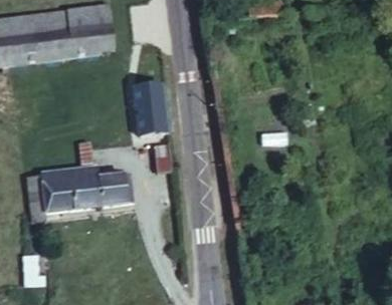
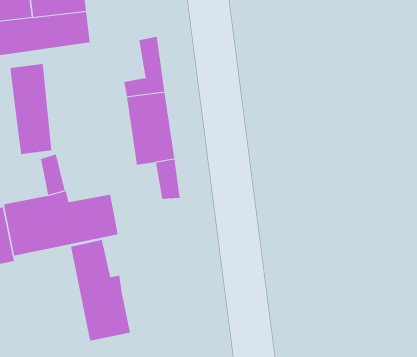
building: none -> [10,63,52,155]
building: none -> [70,239,131,342]

